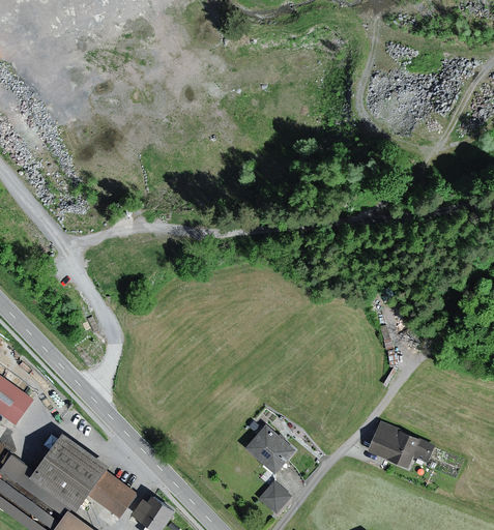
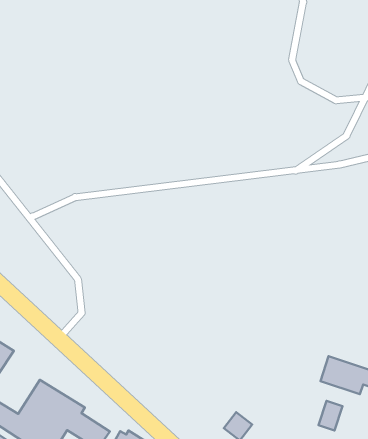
building: [243,423,295,474] -> none
building: none -> [319,401,343,431]

